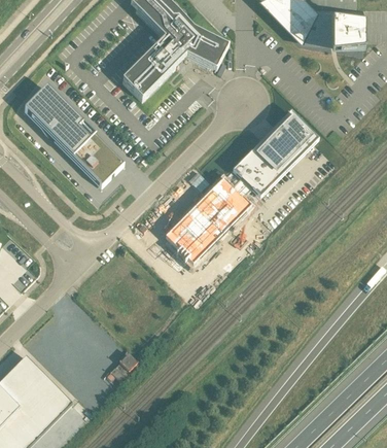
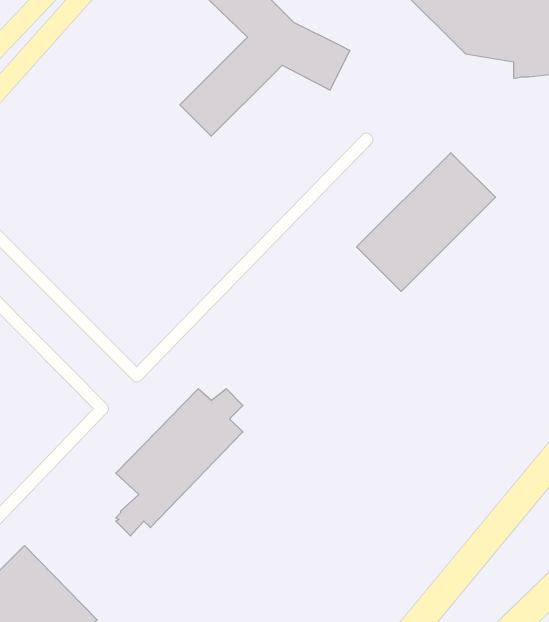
building: [25,85,124,184] -> none
building: [172,176,251,268] -> [116,389,243,536]

